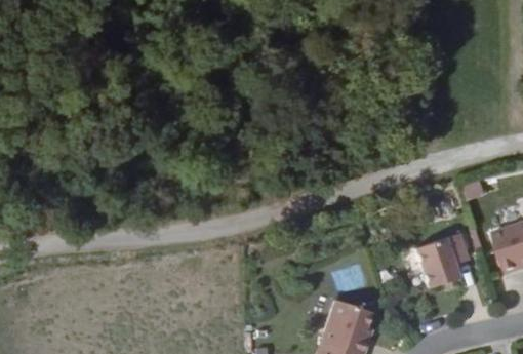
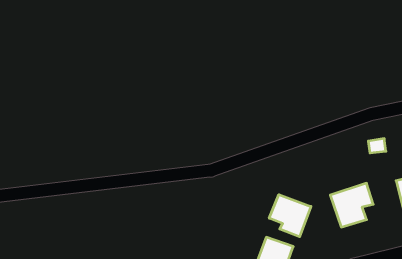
building: none -> [269,195,311,237]

